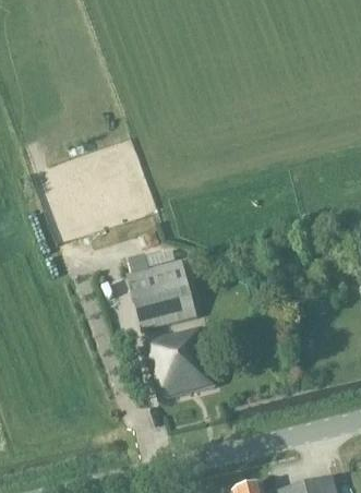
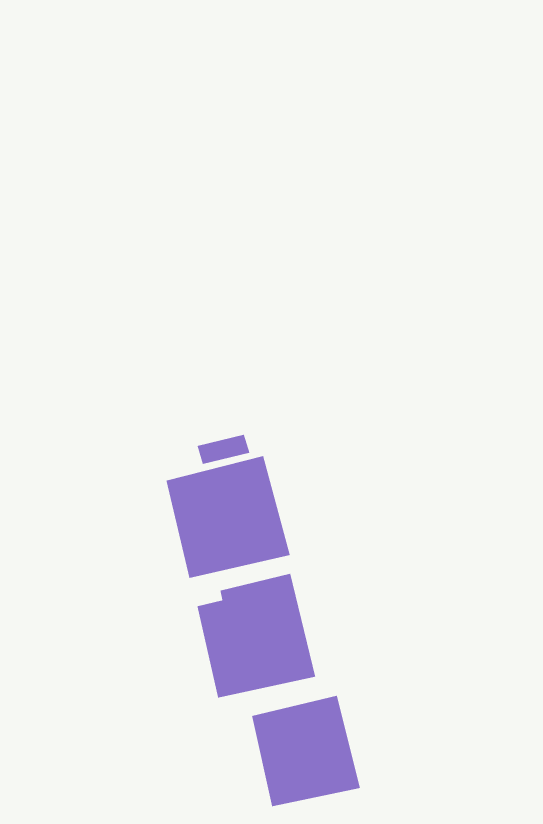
building: none -> [251,695,361,807]

